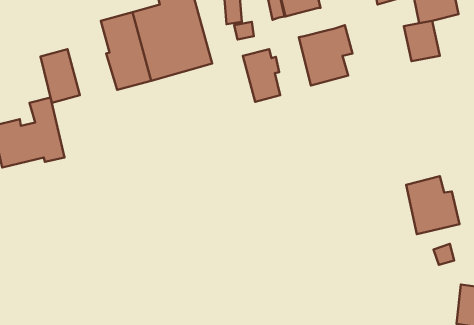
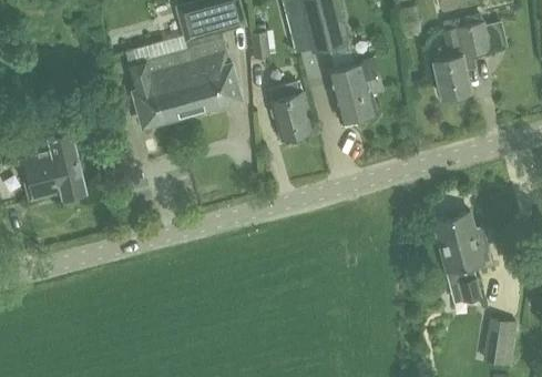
building: [41,49,80,103] -> none

